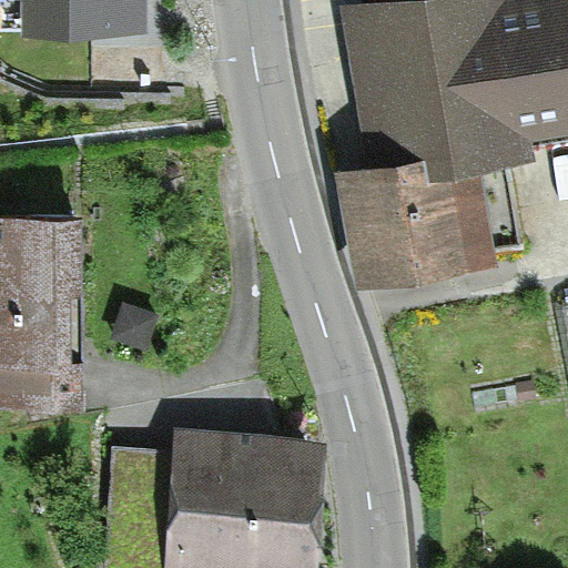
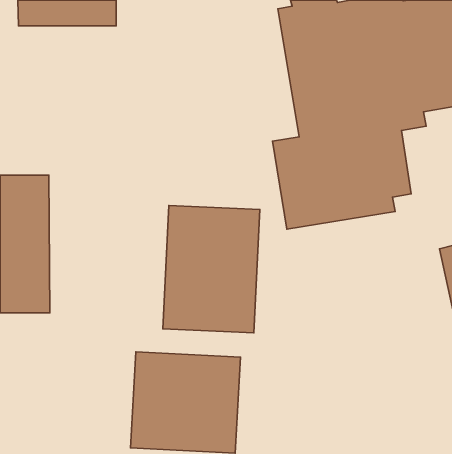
building: none -> [163,206,260,333]

